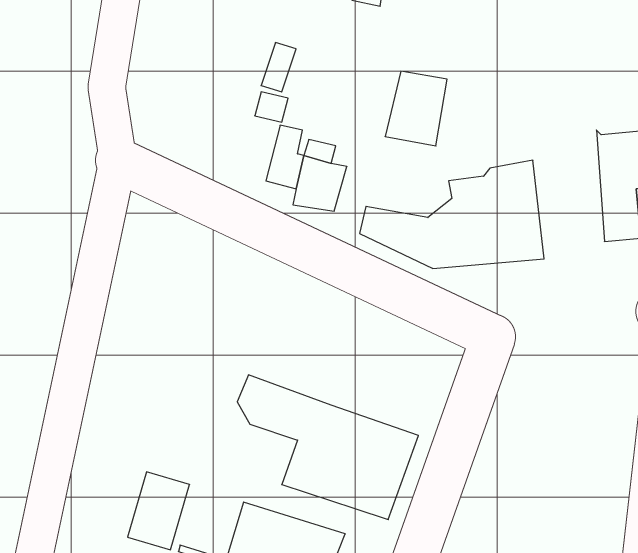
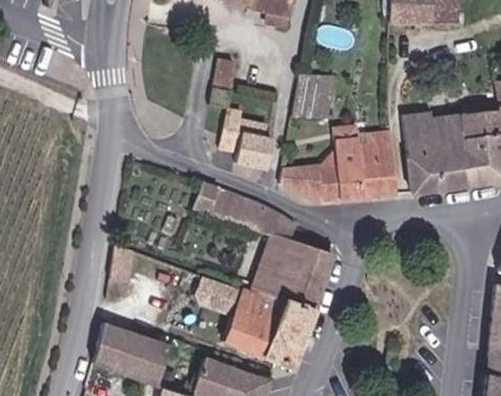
building: none -> [401,112,436,187]
building: none -> [200,187,335,311]
building: none -> [90,323,137,377]

